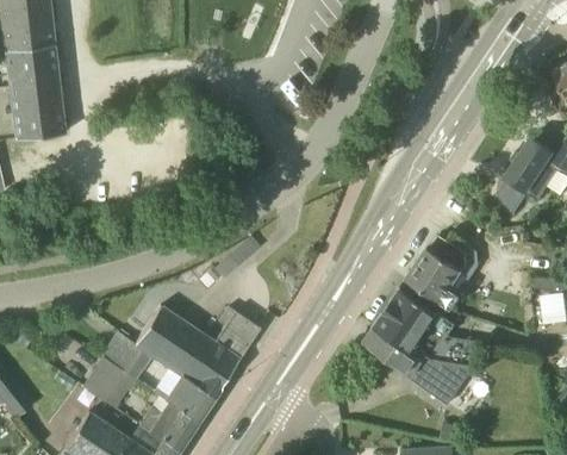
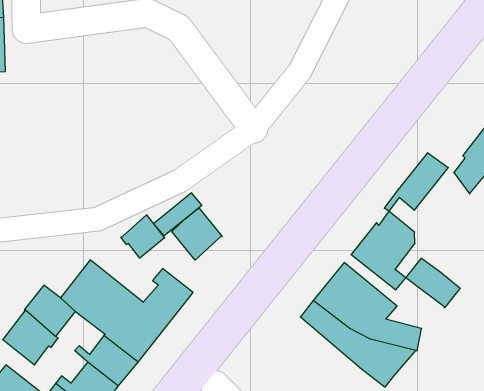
building: none -> [384,153,448,211]
building: none -> [172,208,222,260]
building: none -> [121,215,165,258]
building: none -> [406,258,460,308]

